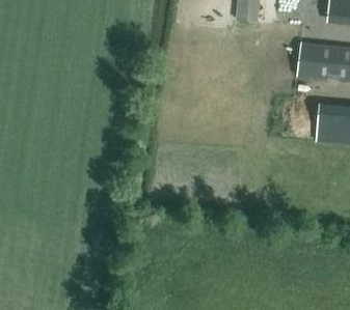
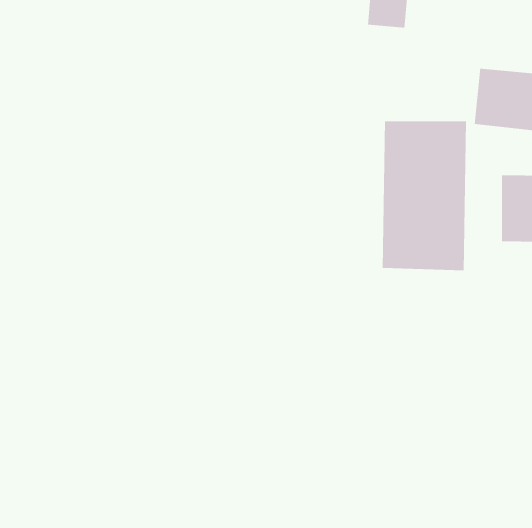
building: none -> [382,121,466,271]

